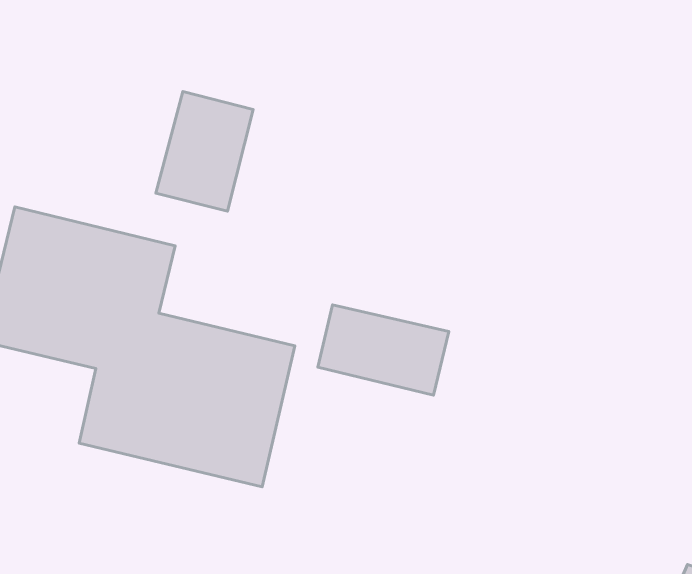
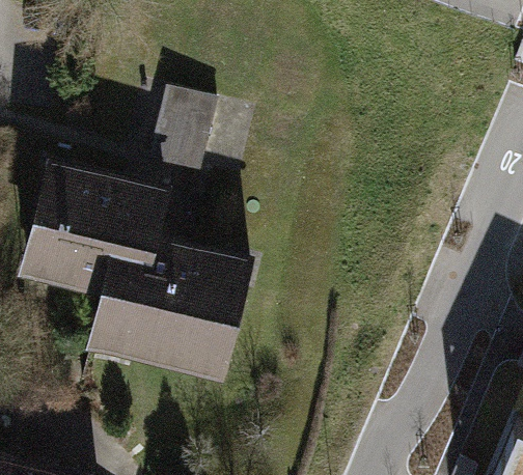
building: [318,305,449,395] -> none

